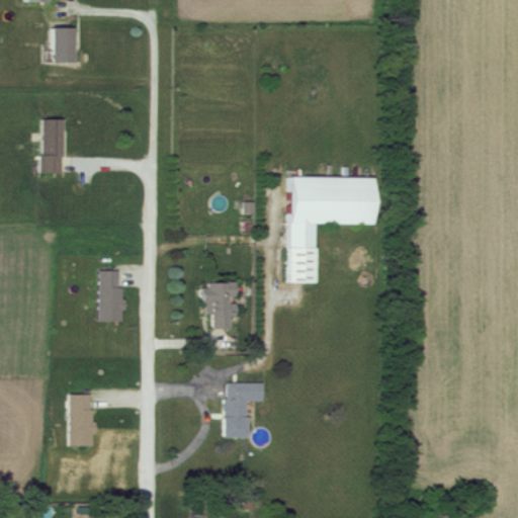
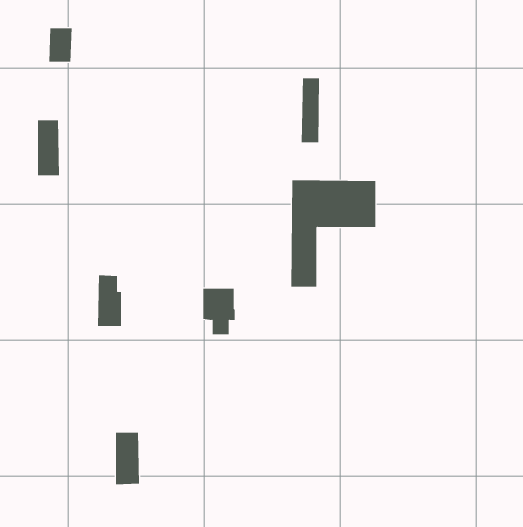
building: none -> [301,78,320,143]
building: [225,382,264,437] -> none
building: [71,395,95,446] -> [115,432,140,485]

